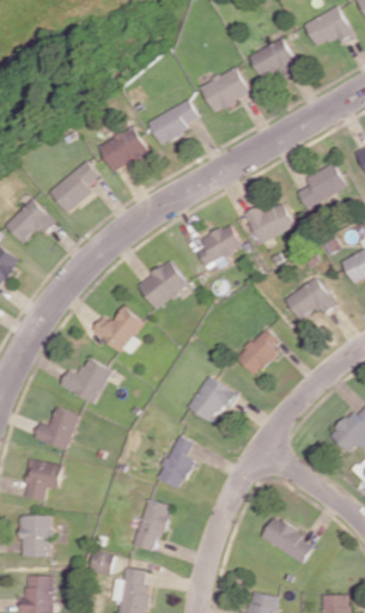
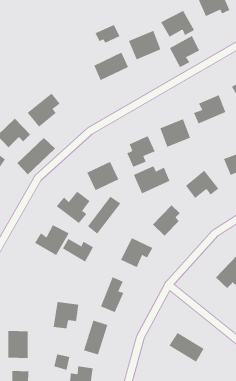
building: none -> [95,24,120,44]
building: none -> [169,35,200,68]
building: [99,126,150,172] -> none
building: none -> [16,137,56,175]
building: none -> [133,165,170,194]
building: none -> [87,196,121,234]
building: none -> [62,238,94,263]
building: [36,407,80,450] -> none
building: [24,459,63,499] -> [53,301,79,329]

